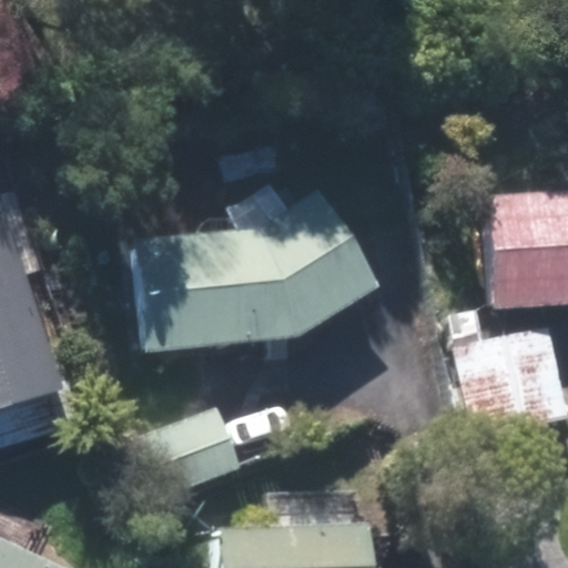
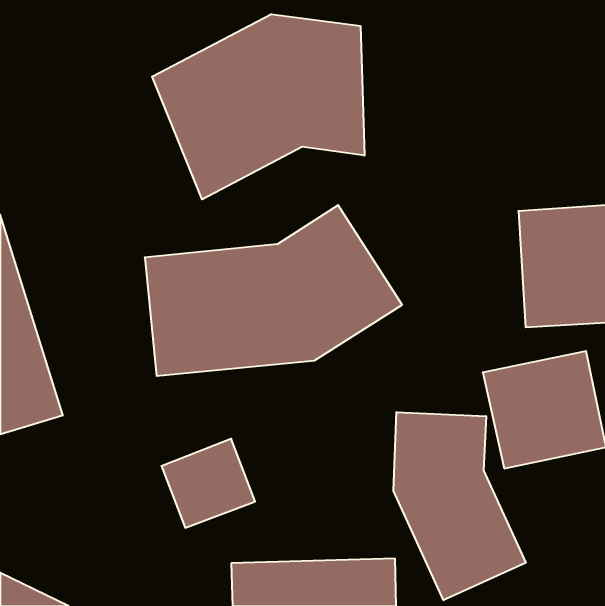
building: none -> [152,14,364,199]
building: none -> [393,412,526,600]

